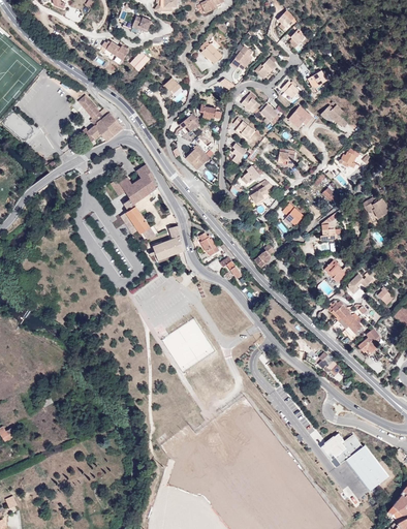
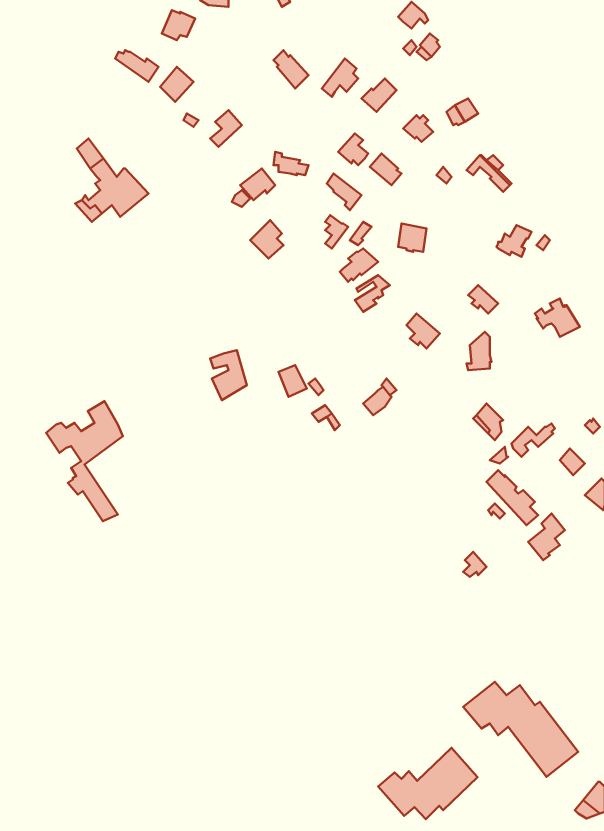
building: [109,164,157,239] -> [46,401,123,521]
building: none -> [378,748,478,819]

